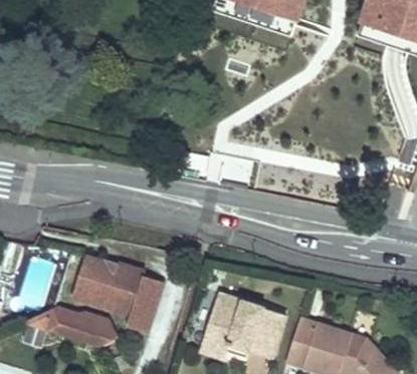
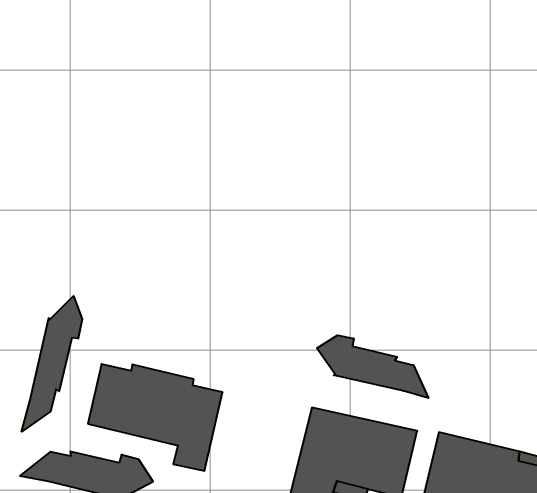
building: none -> [22,296,82,432]
building: none -> [317,335,428,398]

